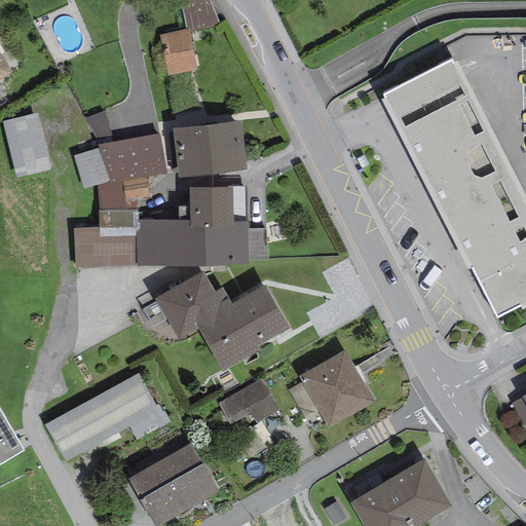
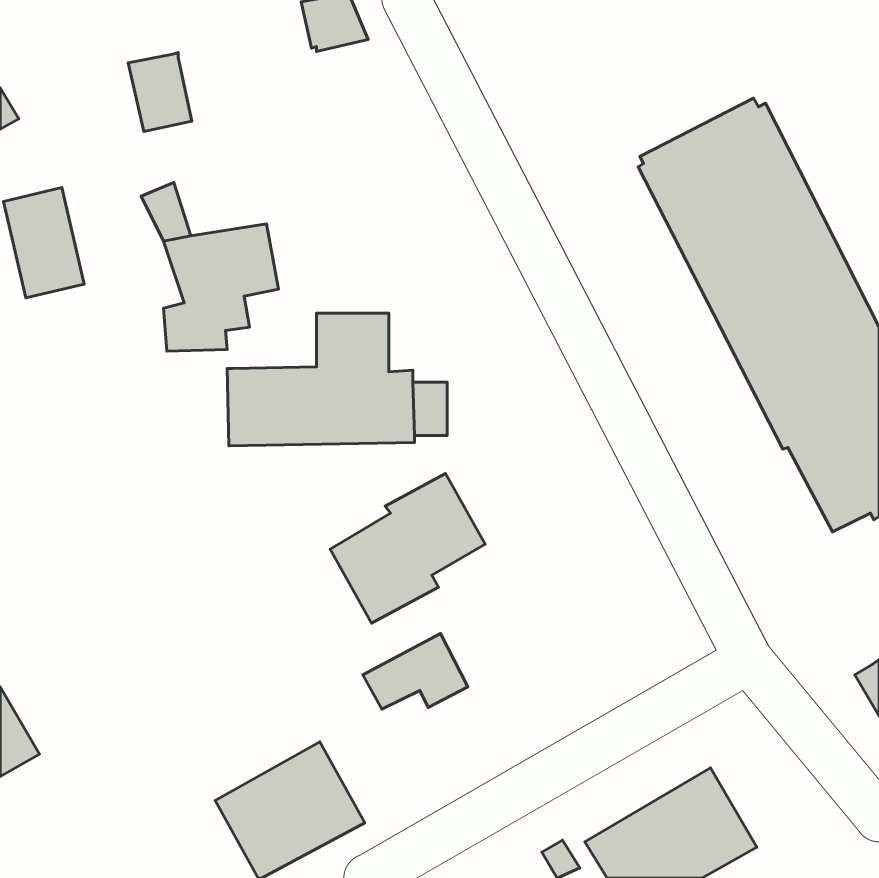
building: [159,28,197,75] -> [128,52,192,132]
building: [173,119,247,177] -> none
building: [73,147,110,189] -> none
building: [73,209,139,268] -> none
building: [155,271,233,339] -> none
building: [298,349,374,427] -> none
building: [44,372,171,461] -> none

